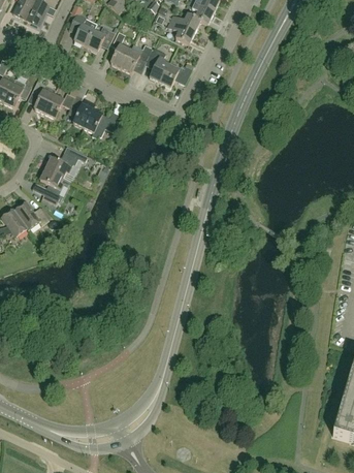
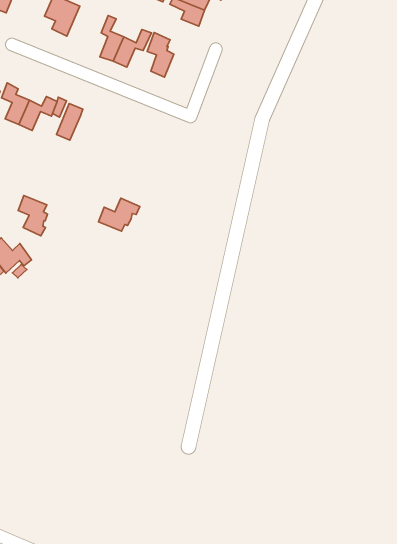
building: [86,23,116,49] -> none
building: [160,59,195,85] -> none
building: [84,106,118,135] -> none
building: [45,149,78,175] -> [98,198,140,231]

